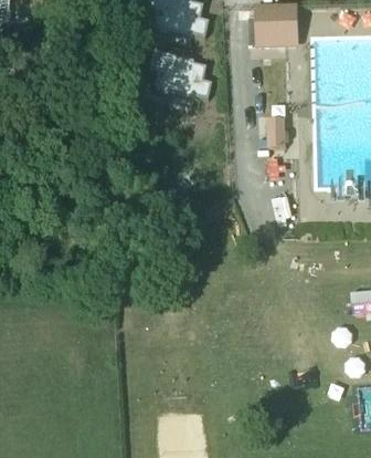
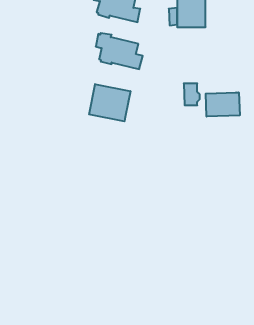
building: none -> [89,84,130,121]
building: none -> [206,92,240,117]

